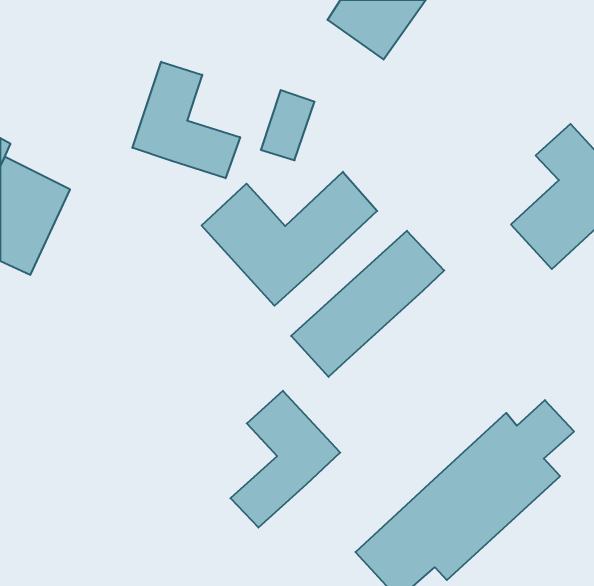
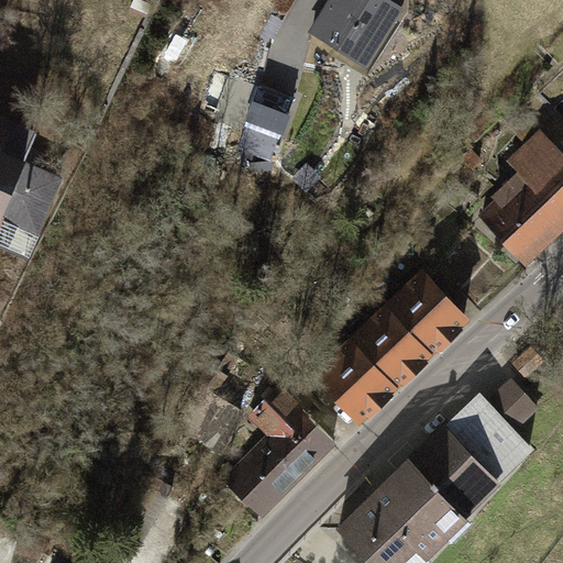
building: [132,62,240,178] -> none
building: [202,172,377,306] -> none
building: [291,231,444,377] -> [316,274,460,411]

